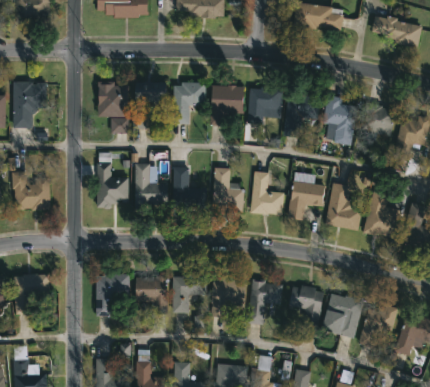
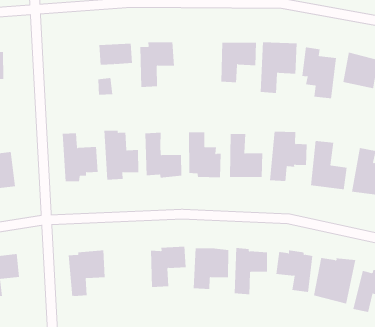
building: [97,82,128,118] -> none
building: [210,86,244,126] -> none
building: [135,275,166,315] -> none

